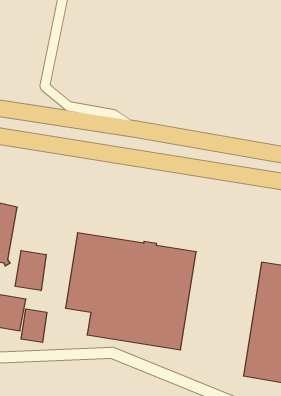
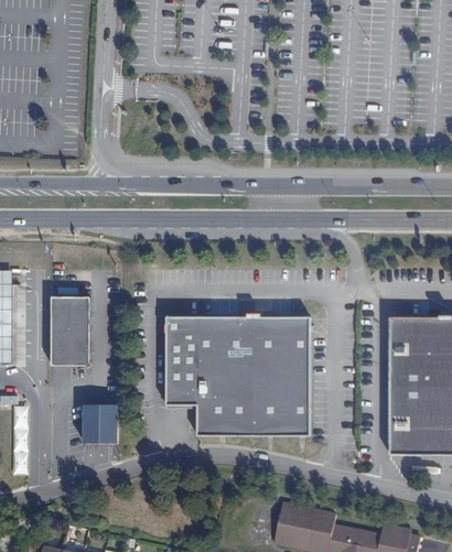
building: [15,250,46,291] -> none
building: [21,309,47,342] -> none

